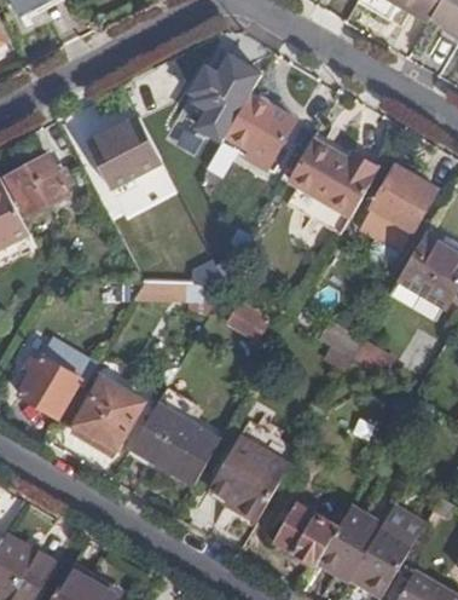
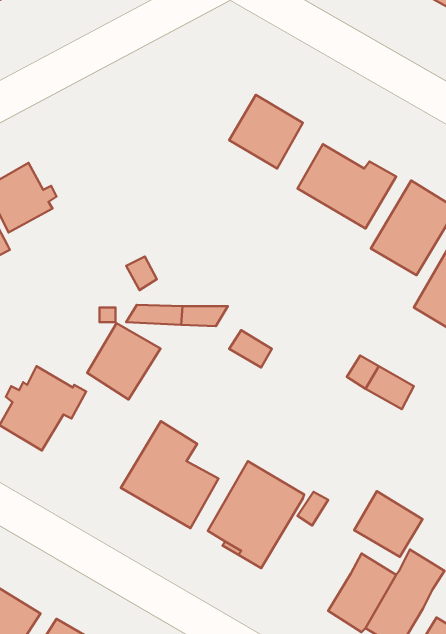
building: [190,56,262,143] -> none
building: [89,116,162,189] -> none
building: [75,381,141,450] -> [87,323,161,399]
building: [276,502,337,561] -> [354,491,422,557]

